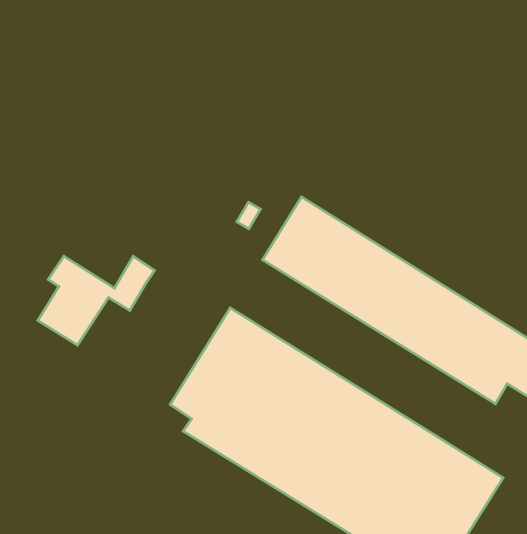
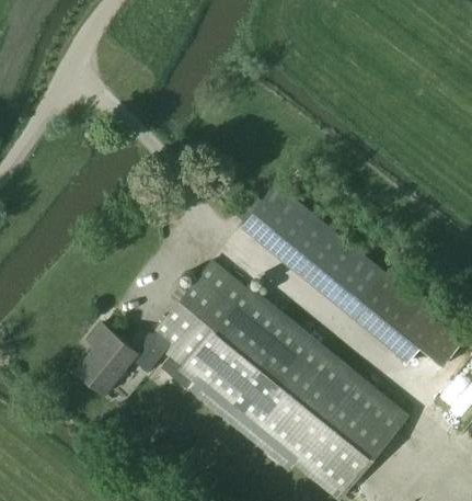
building: [38,256,155,345] -> [76,324,171,395]

